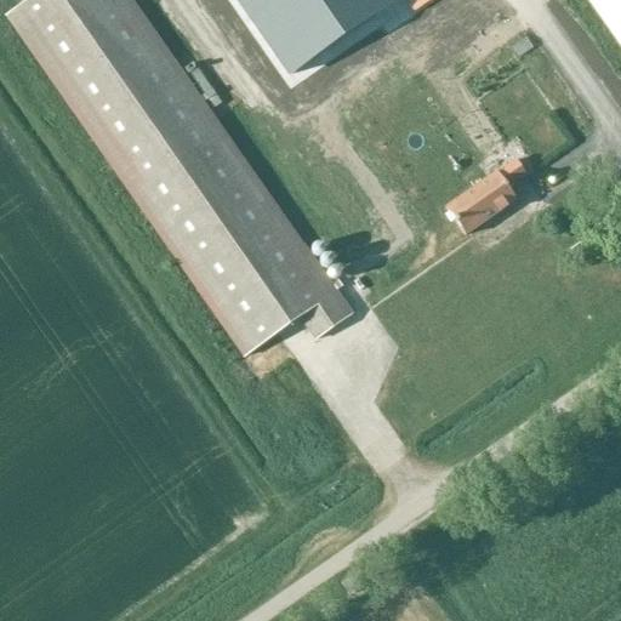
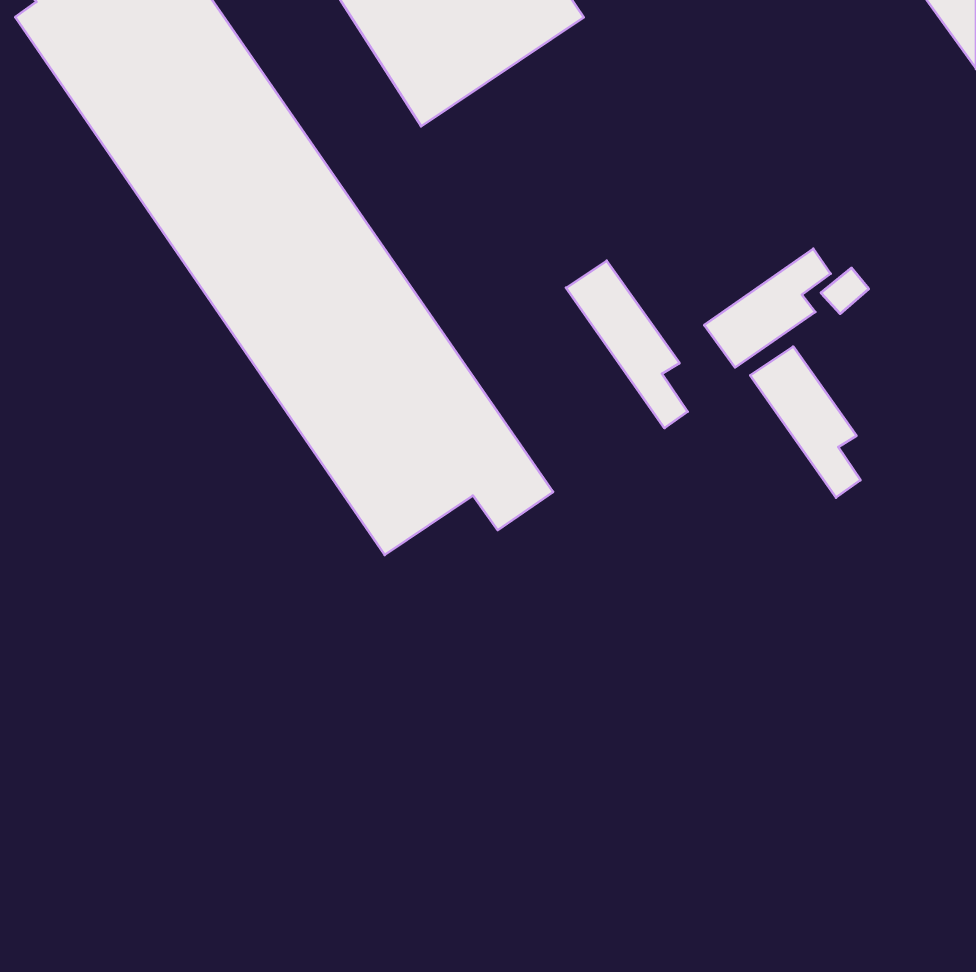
building: none -> [566,261,688,428]
building: none -> [750,347,860,498]

